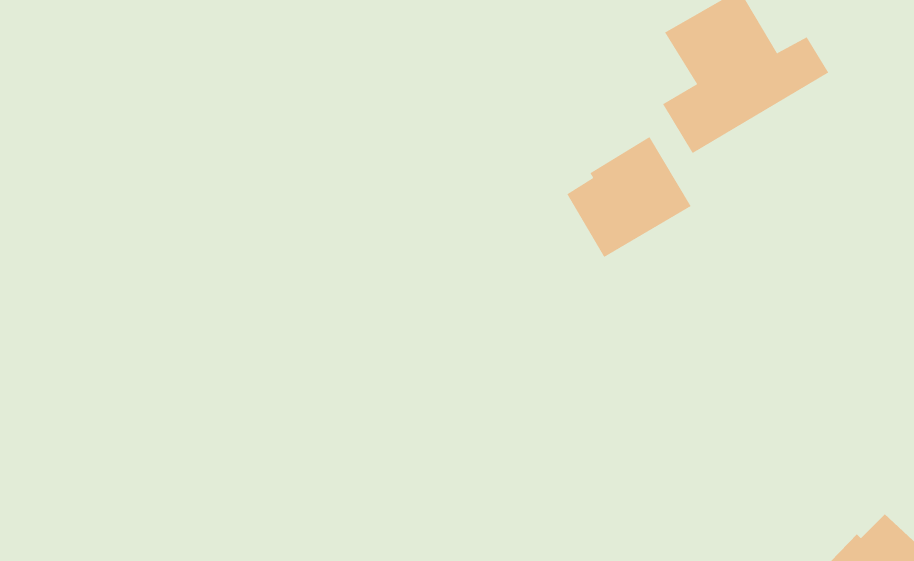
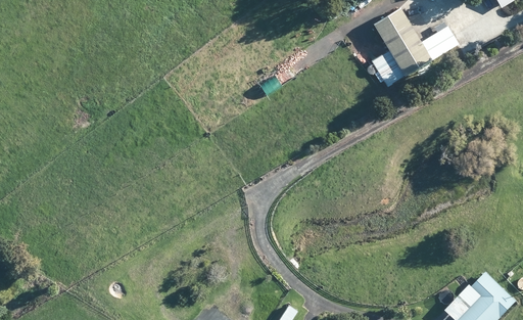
building: [567,136,692,258] -> none

